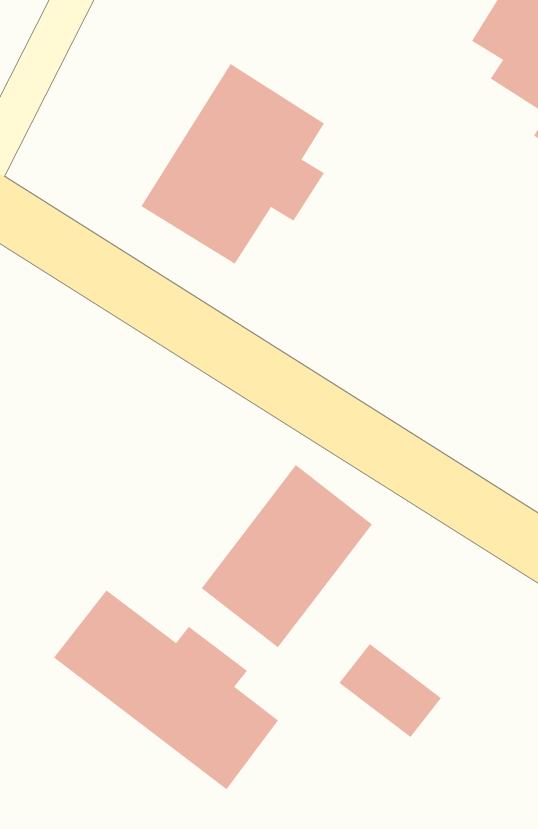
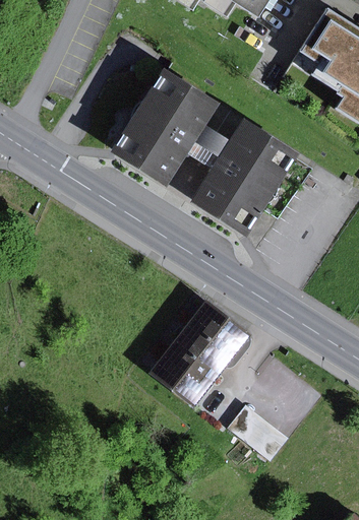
building: none -> [189,116,299,236]
building: [53,589,279,790] -> none

